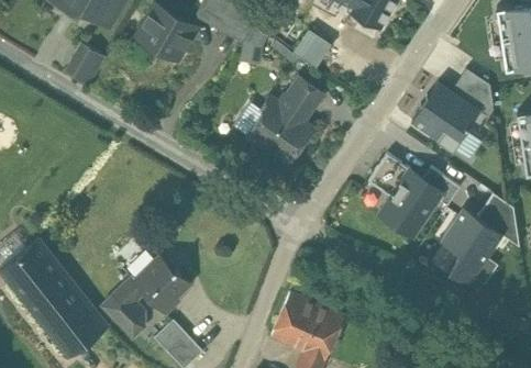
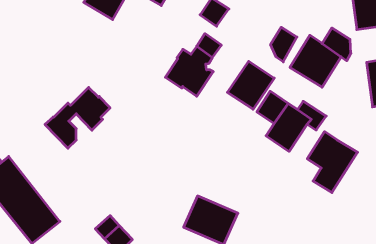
building: [64,44,106,87] -> none
building: none -> [271,27,297,62]
building: none -> [227,61,274,109]
building: [476,197,518,246] -> none
building: [102,258,189,339] -> [45,87,110,148]

